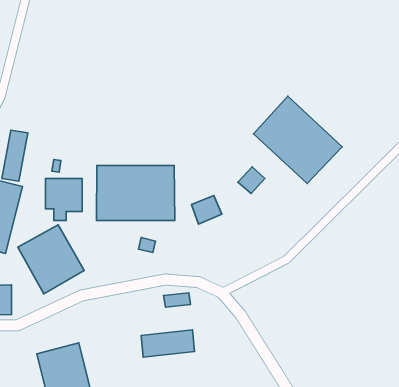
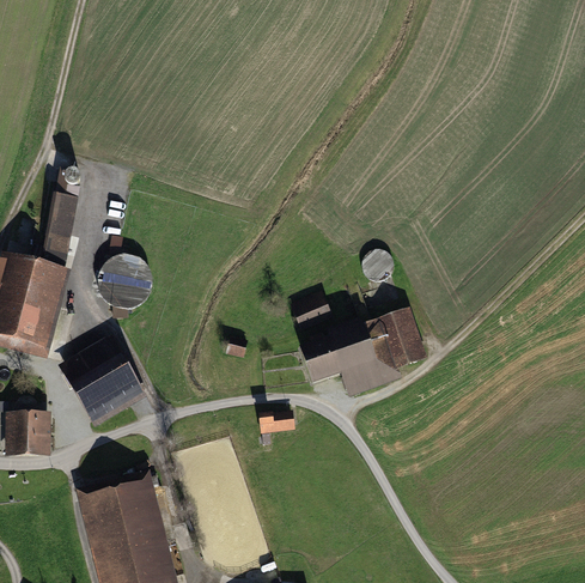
building: [253,96,342,184] -> none
building: [96,165,175,220] -> none
building: none -> [307,302,435,389]
building: [141,330,194,357] -> none

